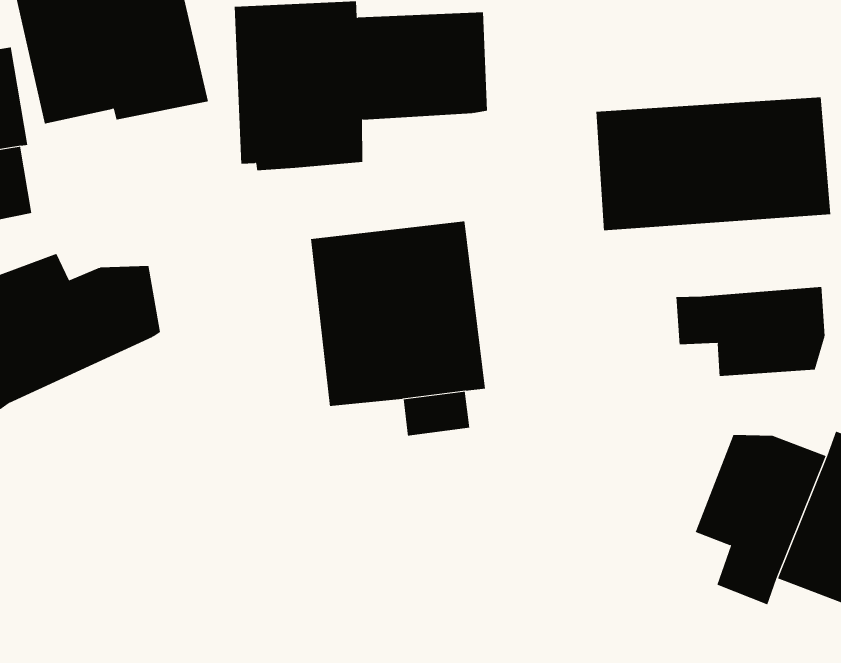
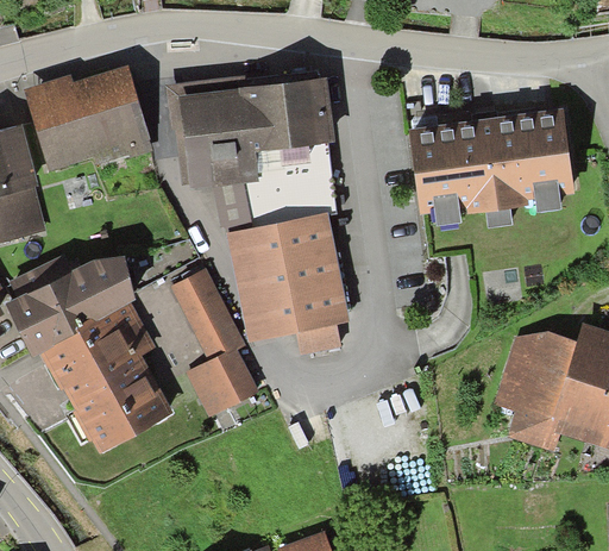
building: none -> [215,143,335,227]
building: [676,286,825,377] -> none
building: none -> [171,265,263,420]
building: none -> [40,303,172,452]

